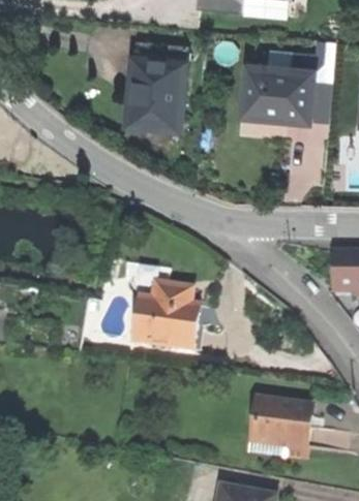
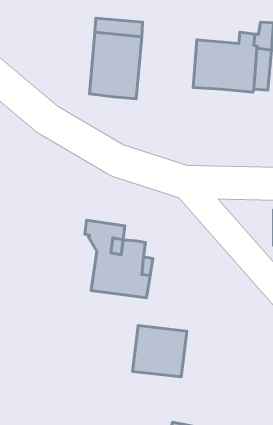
building: [253,400,313,457] -> [133,326,187,377]

